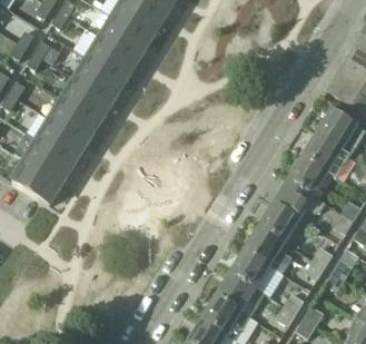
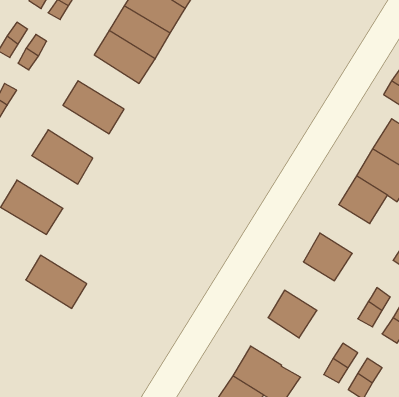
building: [76,55,126,99] -> none
building: [51,96,101,139] -> none
building: [26,137,76,180] -> [26,255,87,308]
building: [274,177,326,217] -> none
building: [245,224,293,271] -> none
building: [217,269,266,308] -> none

